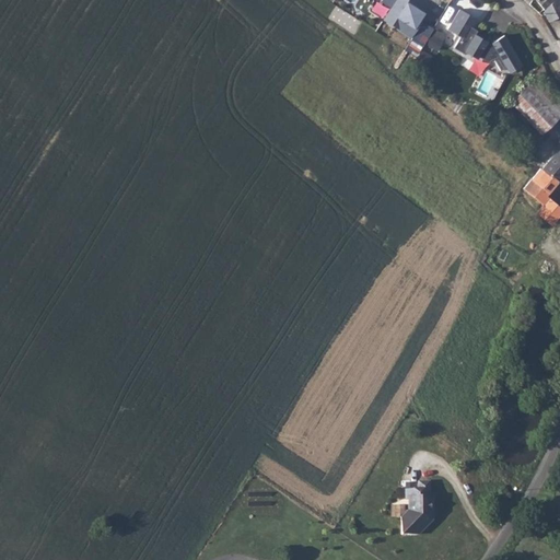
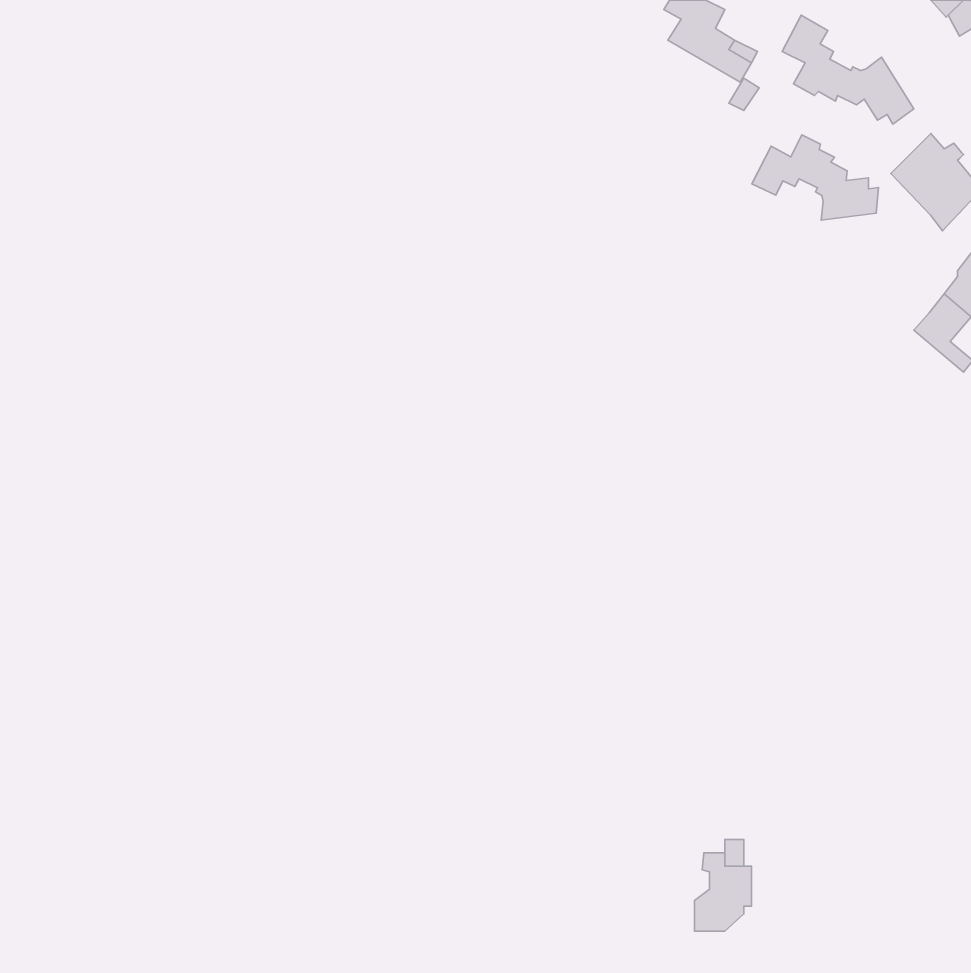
building: none -> [752,135,878,220]

